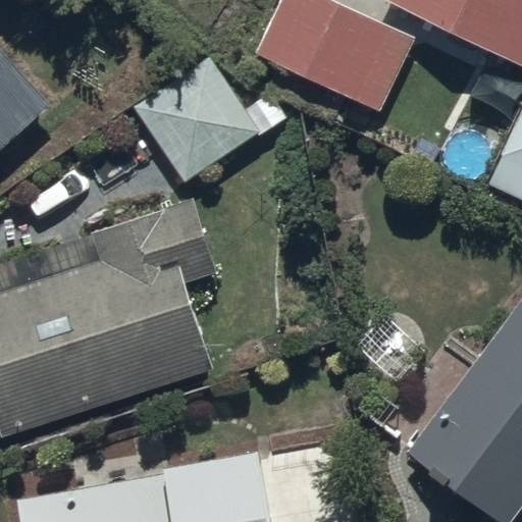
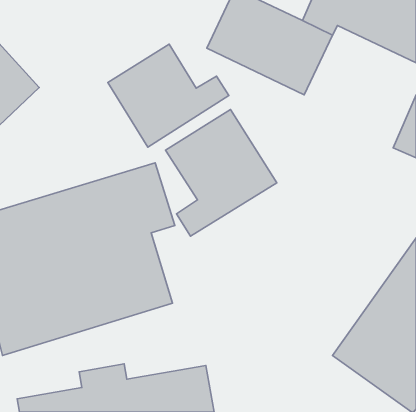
building: none -> [166,110,277,236]

